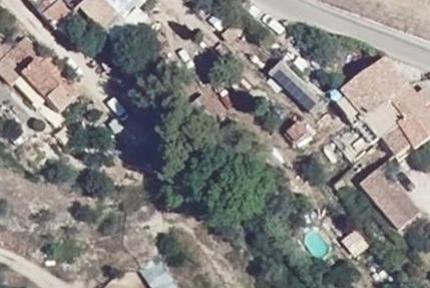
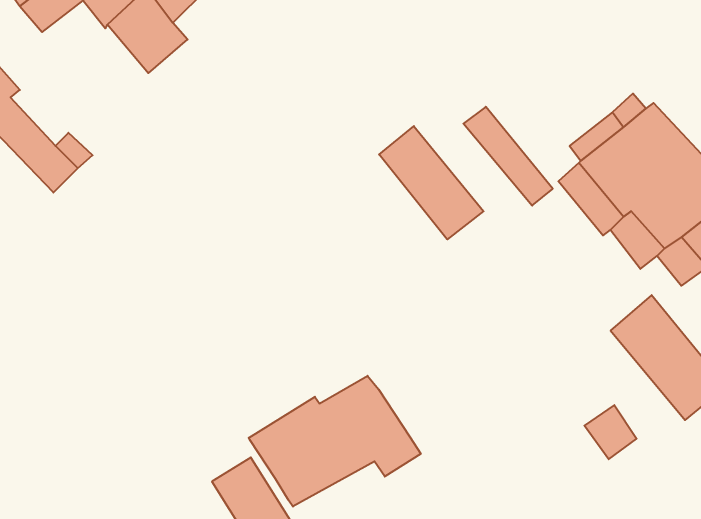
building: none -> [379,126,484,239]
building: none -> [249,376,421,507]

